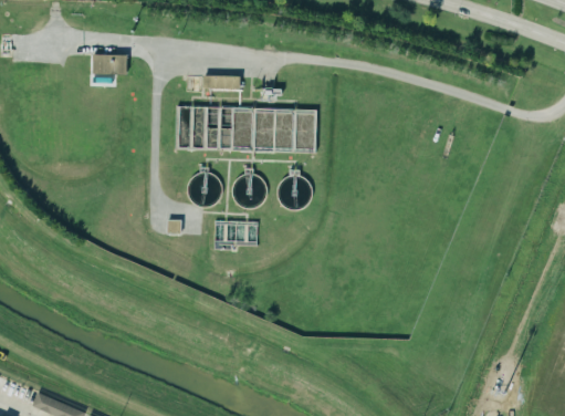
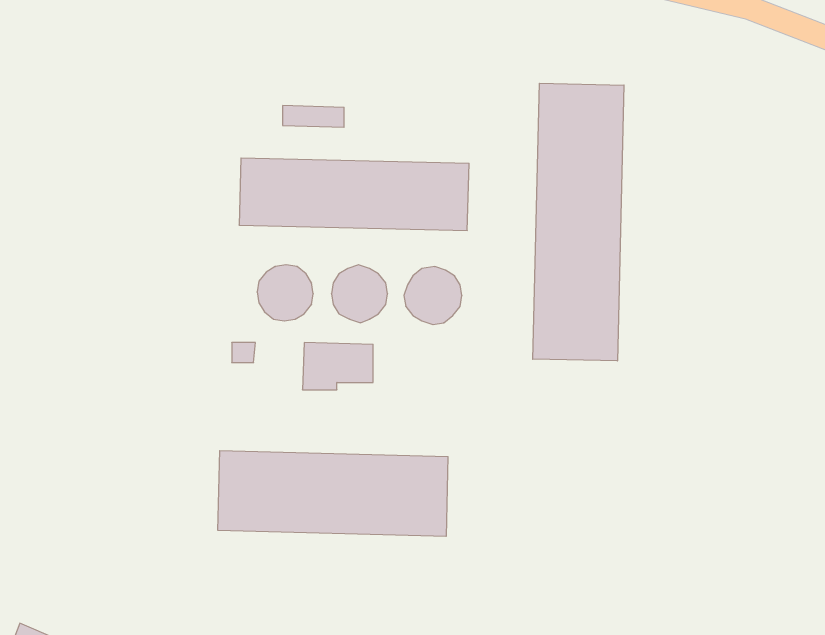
building: [91,53,125,73] -> none
building: none -> [533,83,624,361]
building: none -> [218,451,448,536]

